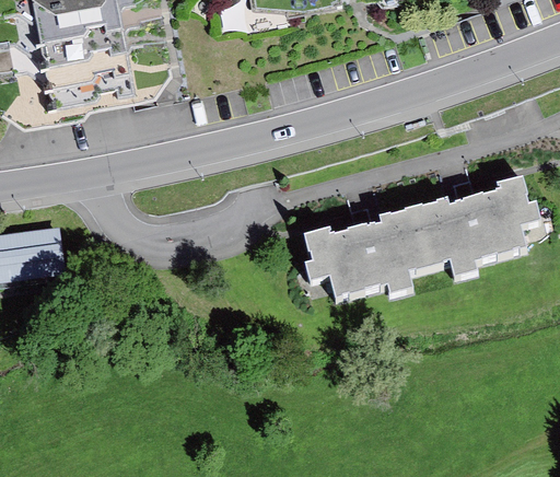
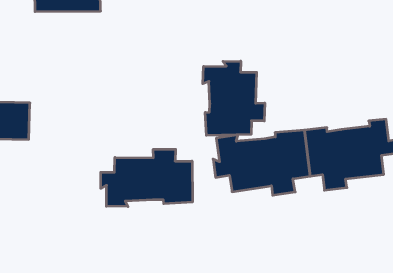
building: none -> [203,61,265,135]
building: none -> [101,149,192,207]

